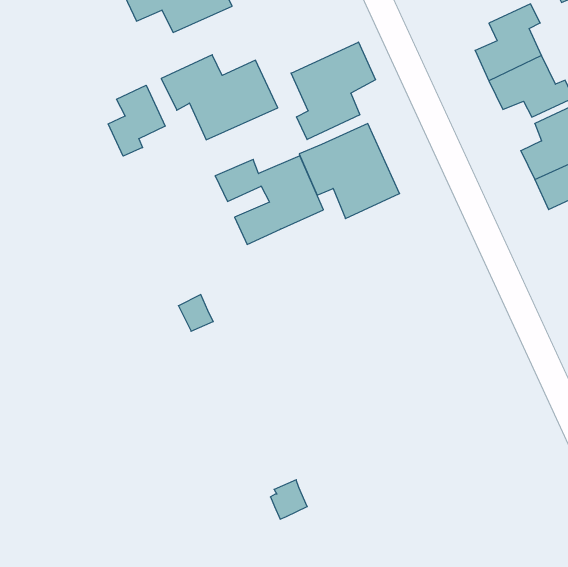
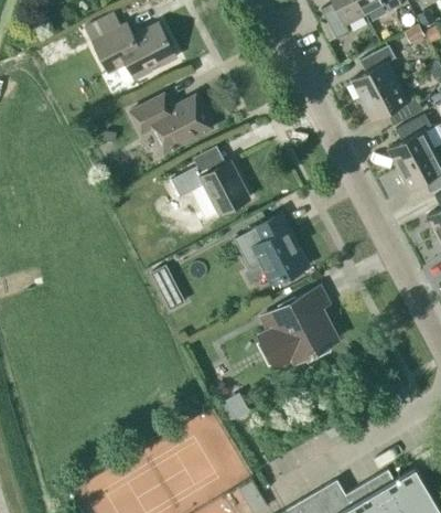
building: [291,42,375,140] -> none
building: [108,85,165,156] -> none
building: [299,124,400,219] -> [235,214,308,282]
building: none -> [259,287,338,370]

